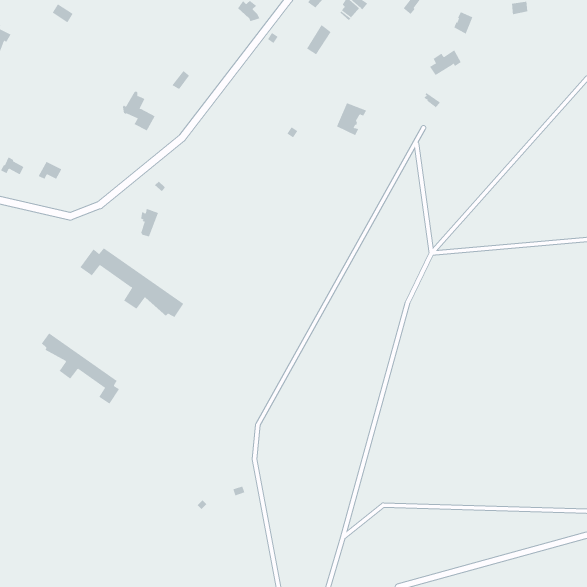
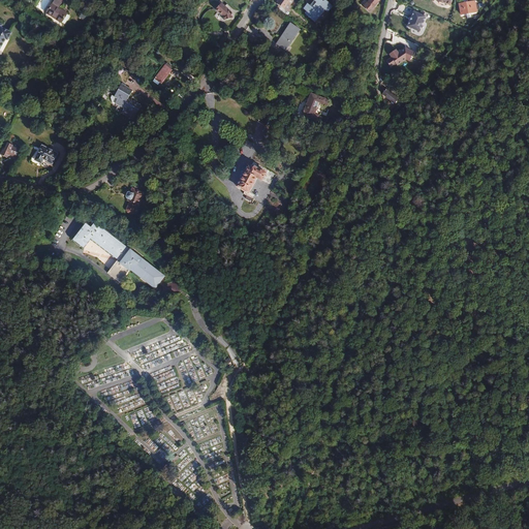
building: none -> [236,164,264,199]
building: [41,332,120,405] -> none

